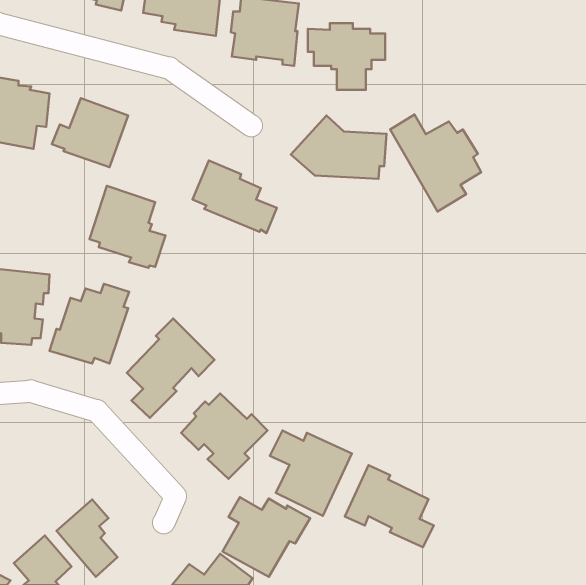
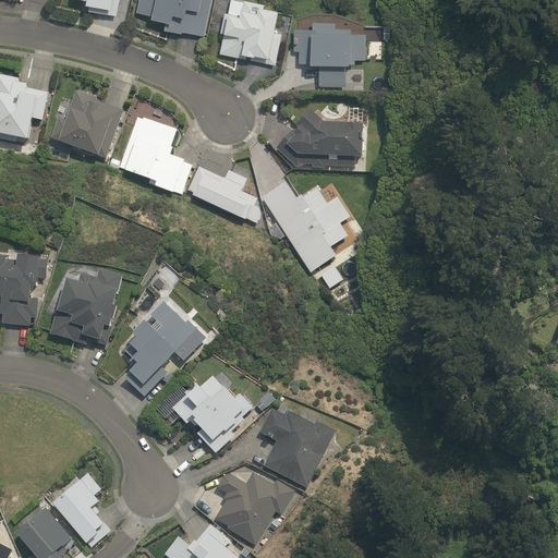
building: [390,114,481,211] -> [262,182,348,274]
building: [90,186,166,268] -> [118,114,190,192]
building: [345,465,434,547] -> none

